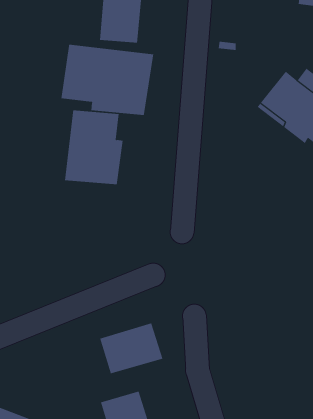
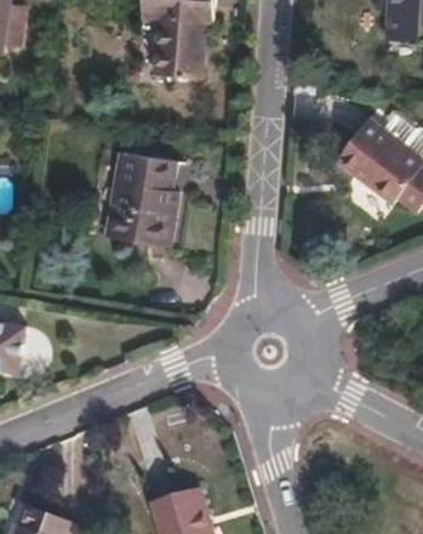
building: [61,44,154,116] -> none
building: [99,323,163,374] -> none

